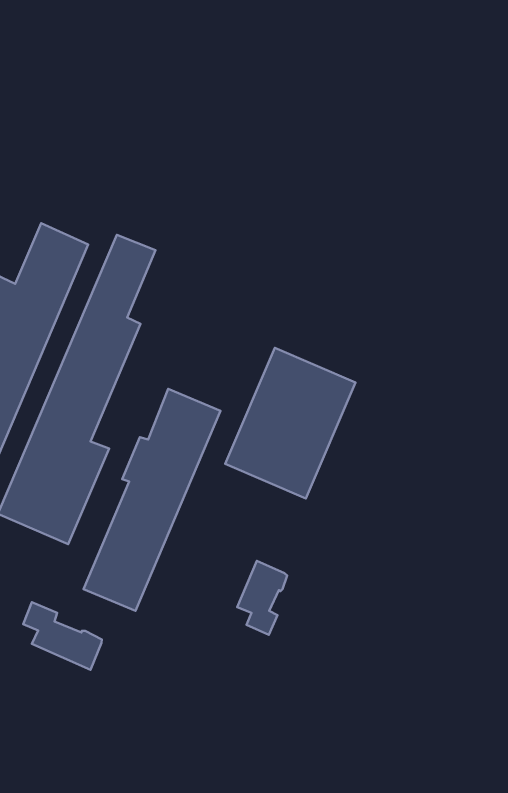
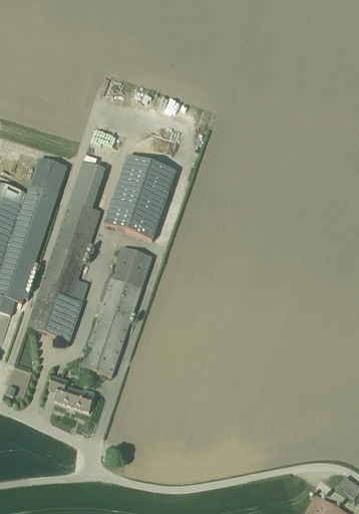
building: [225,348,356,499] -> [104,154,175,239]
building: [237,561,287,635] -> none

